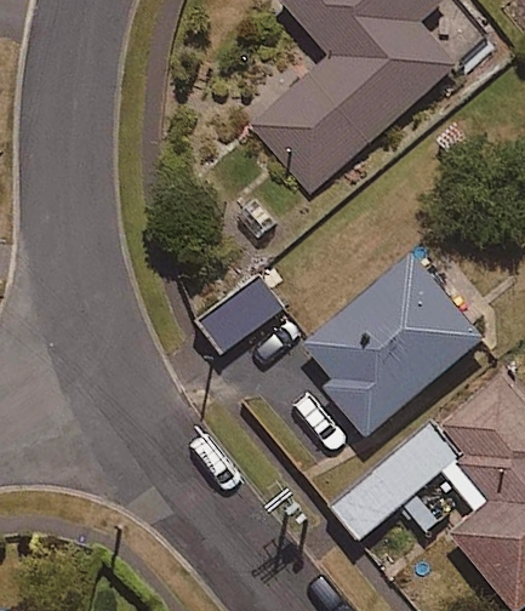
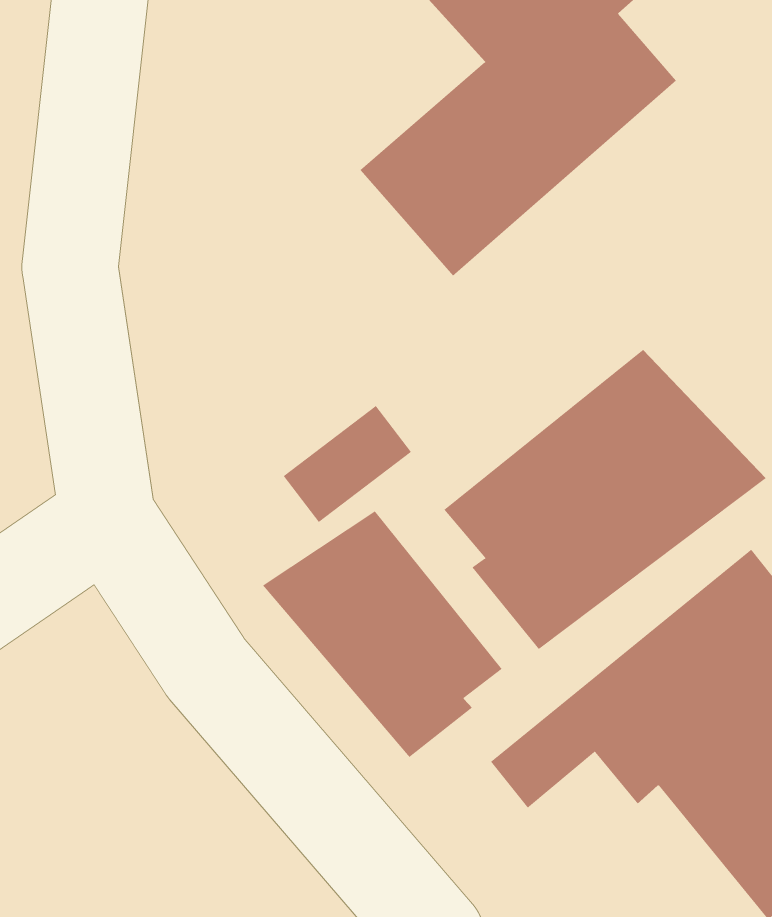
building: none -> [262,510,503,758]

